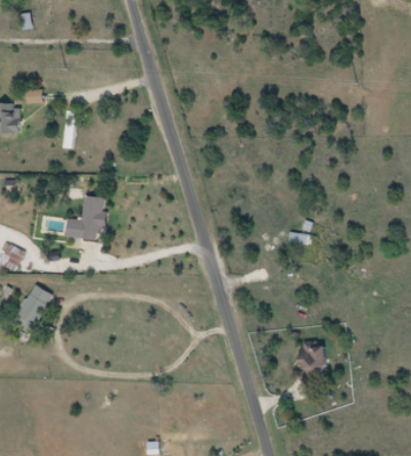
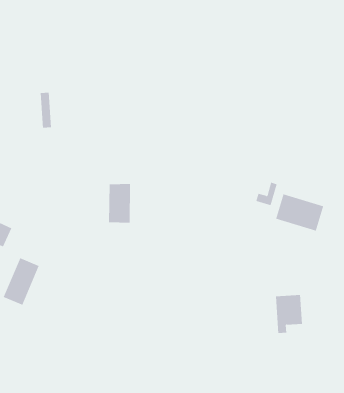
building: [80,196,106,239] -> [108,184,131,223]
building: none -> [275,193,324,231]

